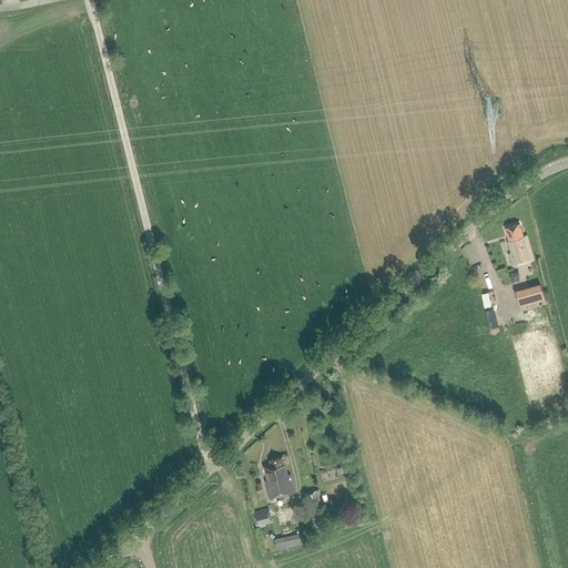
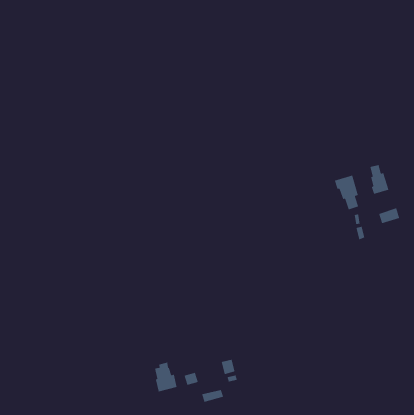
building: none -> [334,174,359,211]
building: [262,457,294,499] -> [154,362,178,392]

